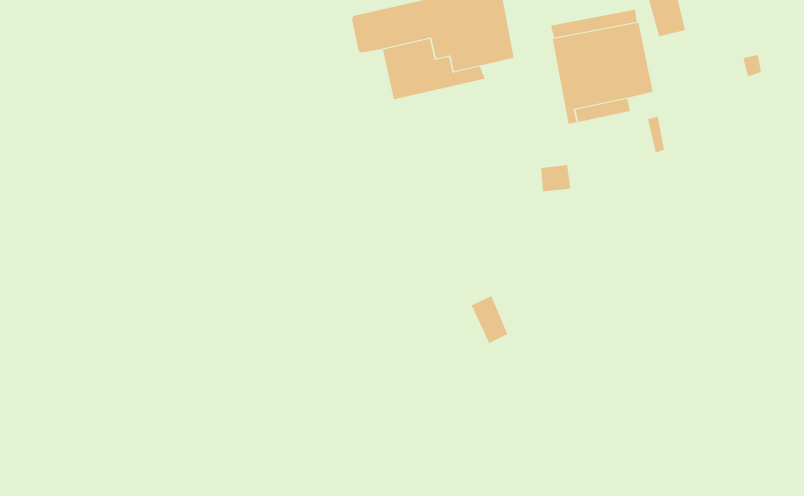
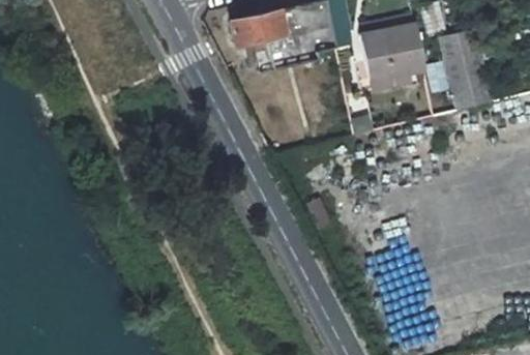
building: none -> [441,29,496,111]

